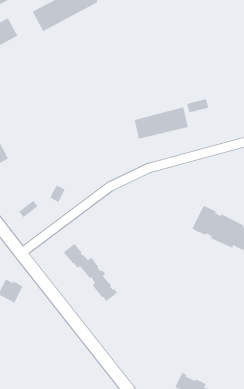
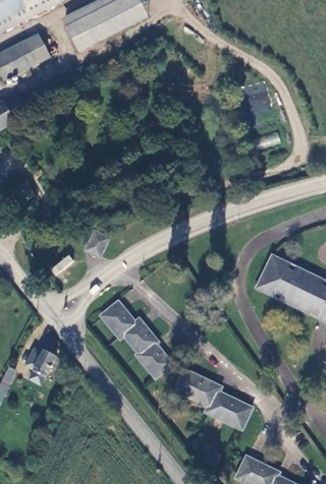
building: none -> [247,81,269,110]
building: [134,107,189,140] -> none
building: none -> [176,371,251,427]

